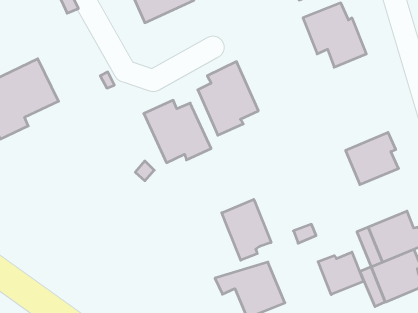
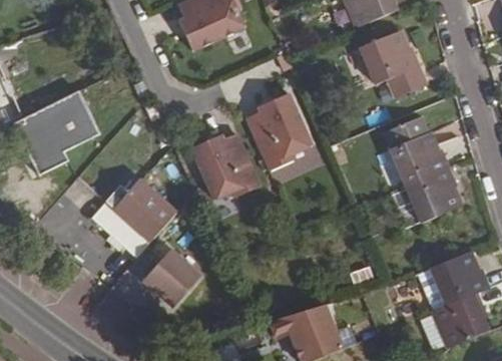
building: none -> [384,116,450,187]
building: none -> [90,179,176,258]
building: [222,199,271,260] -> none
building: none -> [142,249,201,307]
building: [318,252,364,295] -> none

